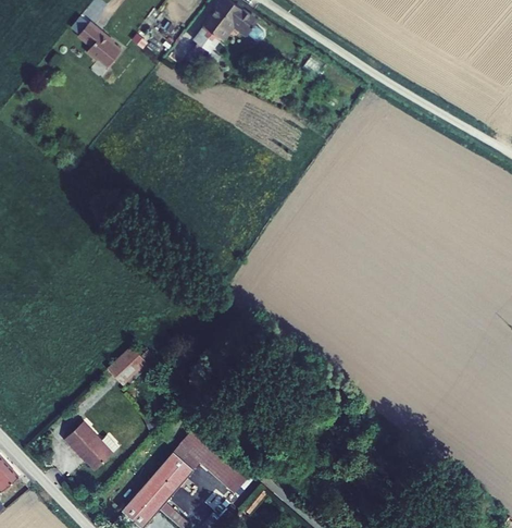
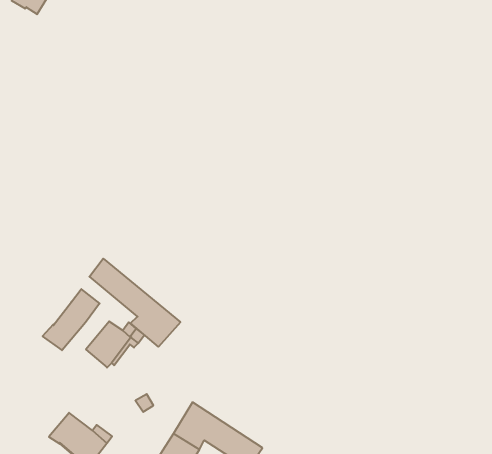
building: none -> [89,259,180,347]
building: none -> [43,289,100,350]

